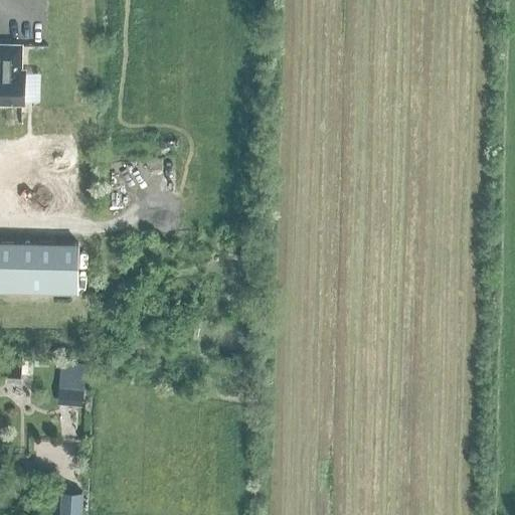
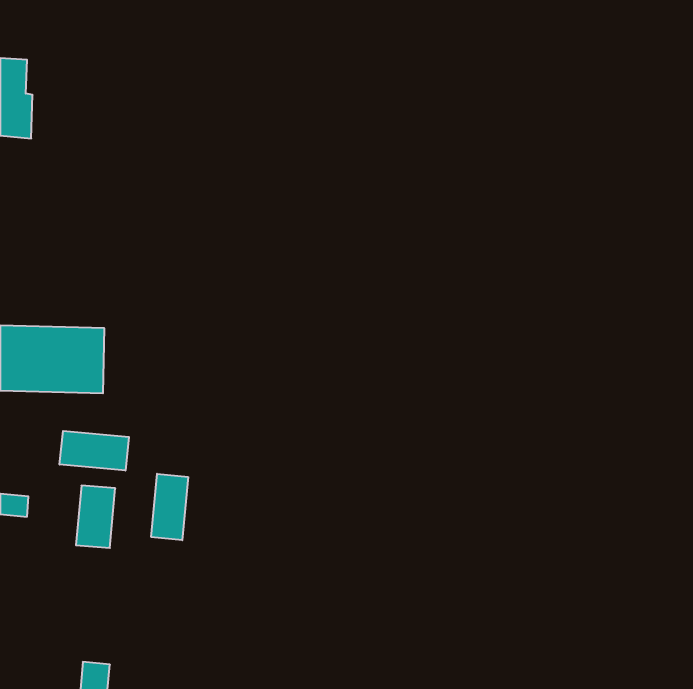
building: none -> [60,431,129,471]
building: none -> [151,474,188,540]

